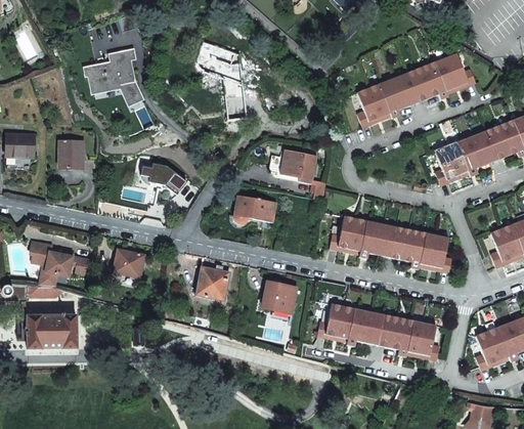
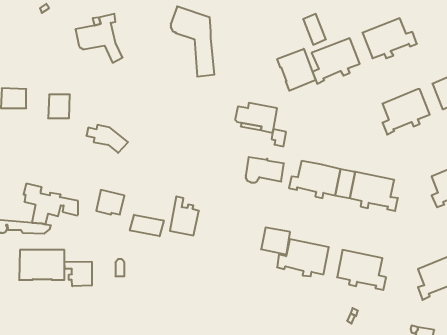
building: [398,71,424,105] -> [303,14,326,45]
building: none -> [277,49,316,91]
building: [477,128,503,163] -> none
building: [140,162,187,194] -> [86,125,128,153]
building: [233,195,276,223] -> [246,157,284,183]
building: none -> [130,215,164,236]
building: [262,283,295,313] -> [261,227,290,255]
building: [368,312,390,346] -> none
building: none -> [64,262,92,286]

